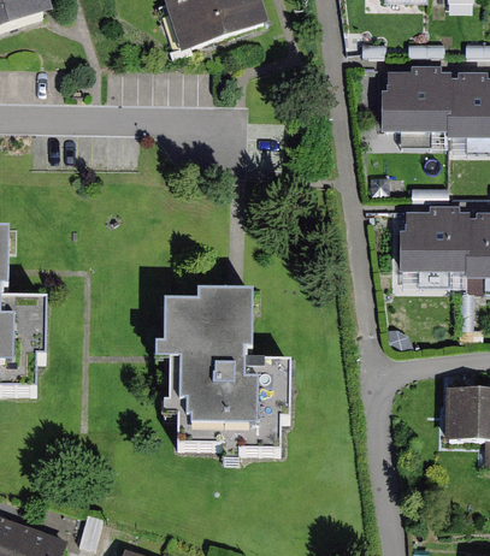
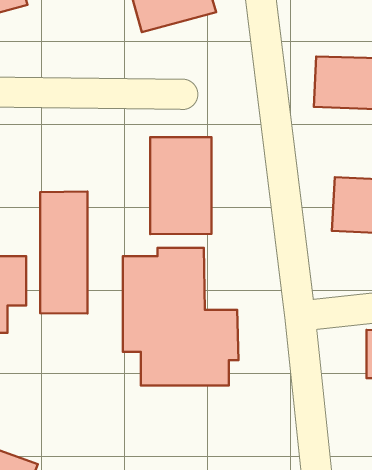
building: none -> [150,137,211,234]
building: none -> [40,191,87,313]

